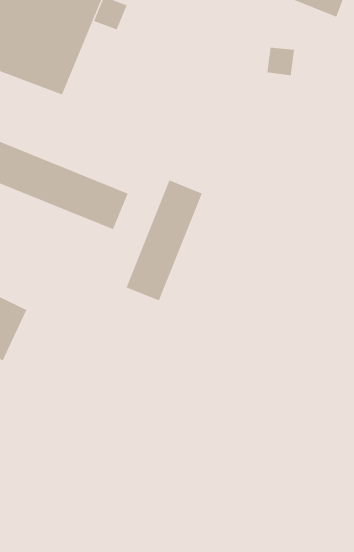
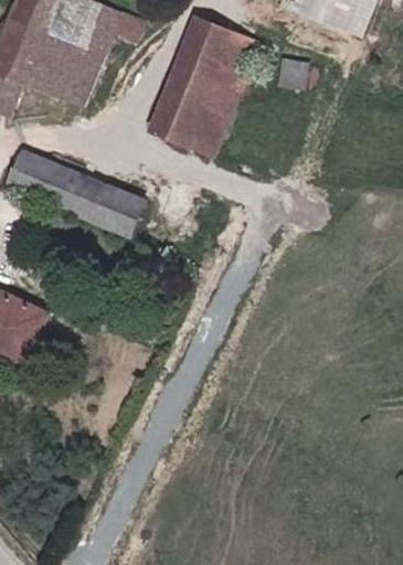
building: none -> [151,18,257,153]
building: [126,180,203,301] -> none

